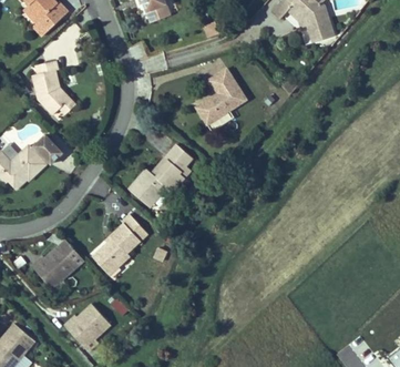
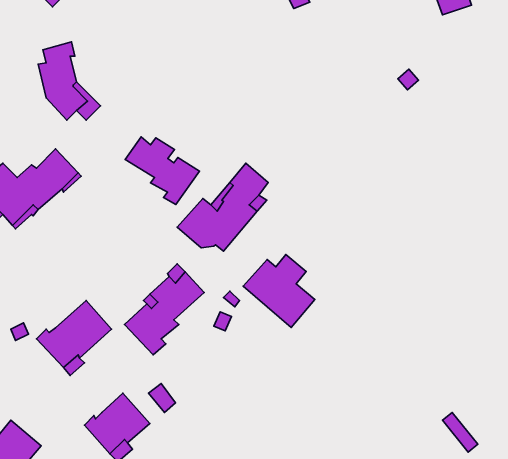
building: [195,68,246,124] -> none
building: none -> [125,137,200,205]
building: none -> [243,255,315,328]

